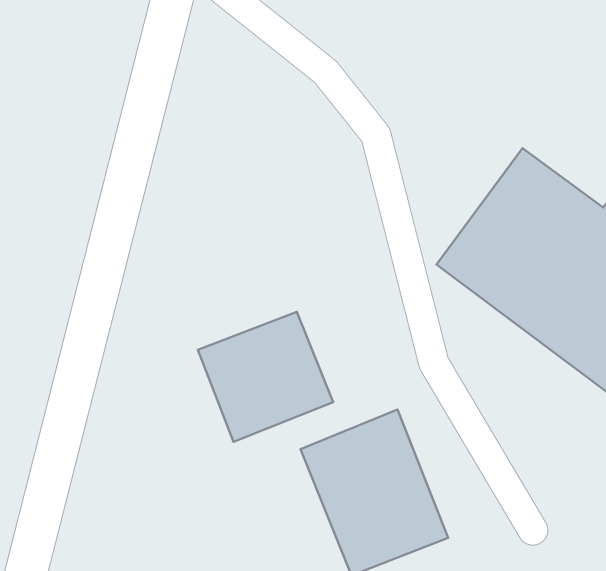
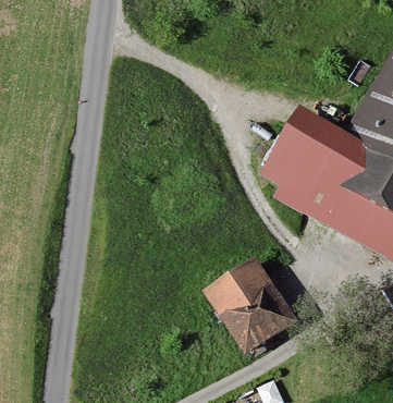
building: [198,312,333,442] -> none

